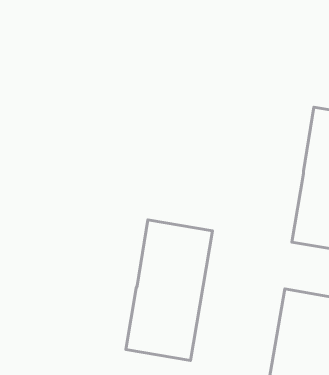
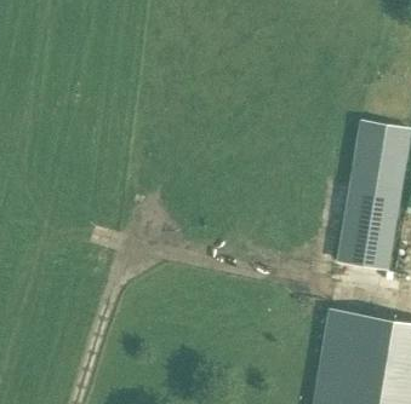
building: [126,220,213,361] -> none

